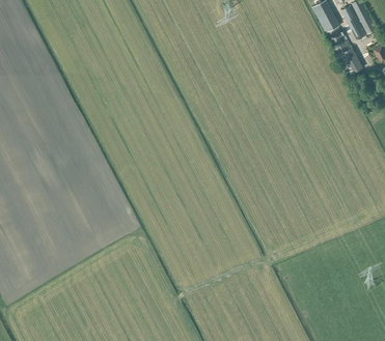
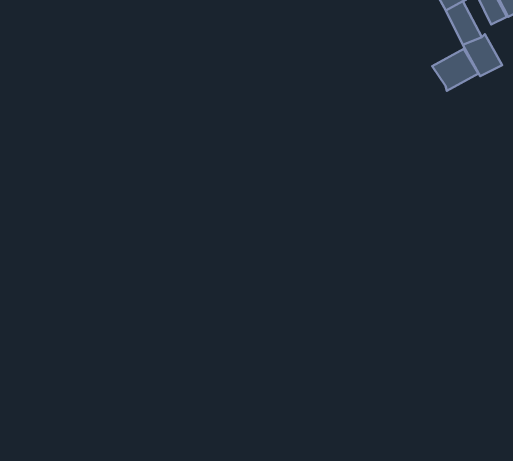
building: none -> [432,49,479,91]

